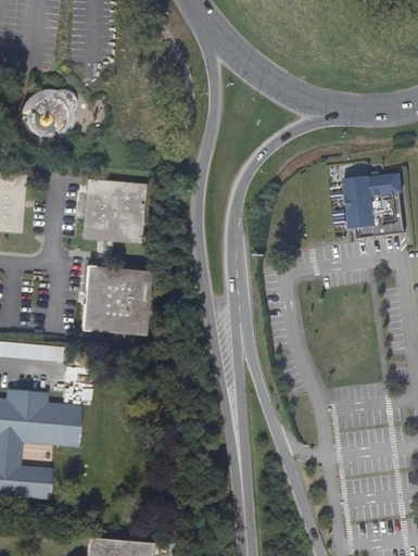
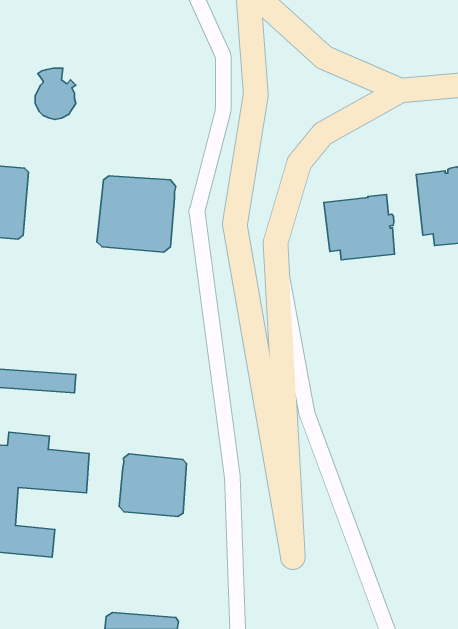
building: none -> [324,195,395,260]
building: [84,269,148,332] -> none
building: none -> [119,454,187,517]

